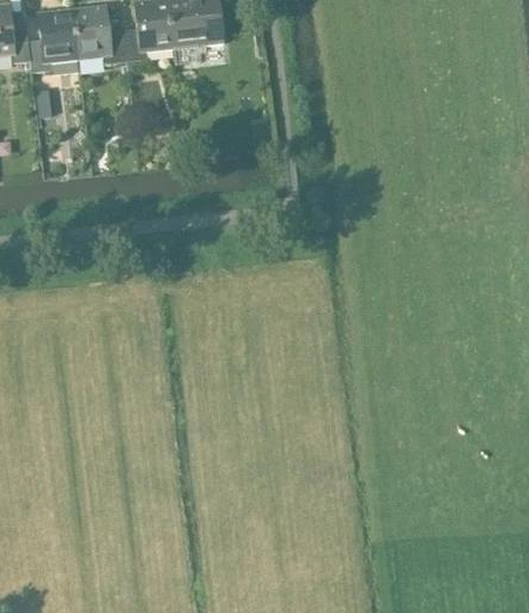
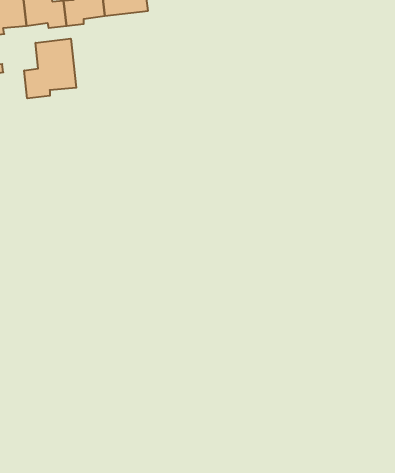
building: none -> [24,39,76,98]

